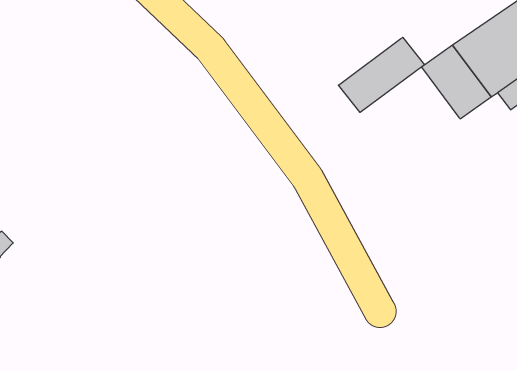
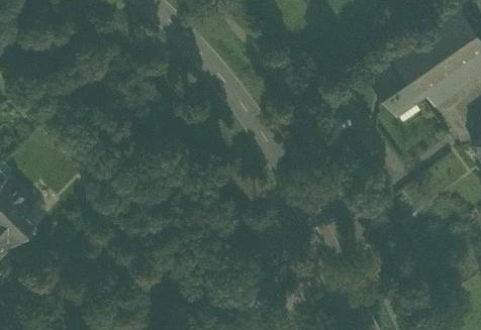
building: [338,37,424,112] -> none

